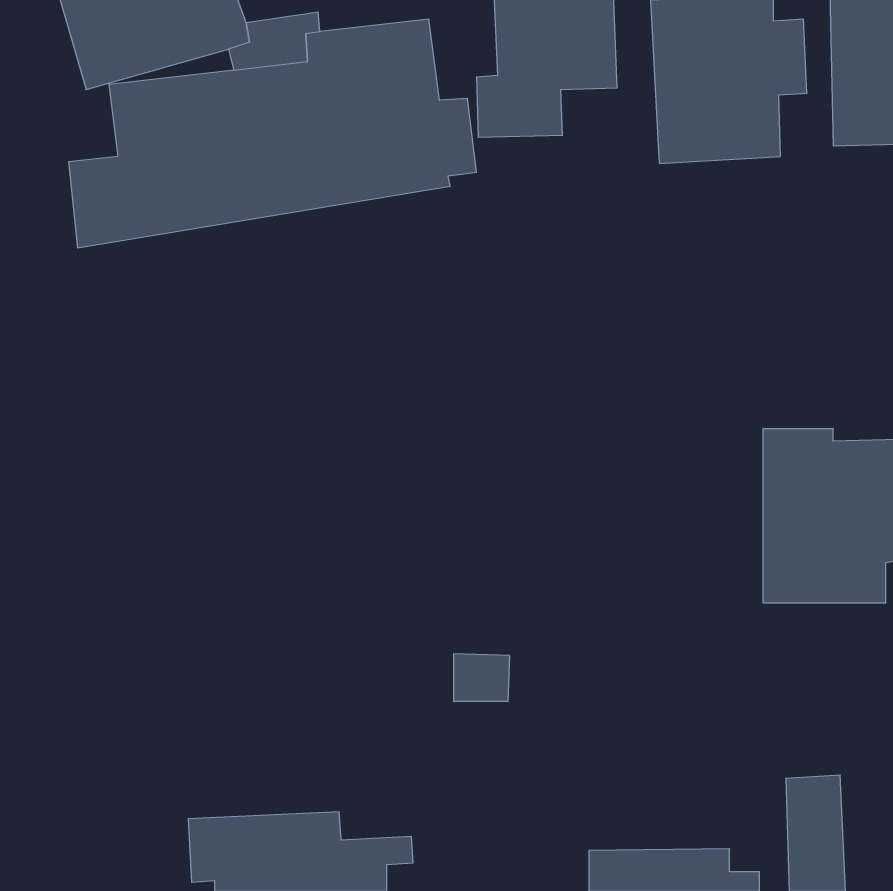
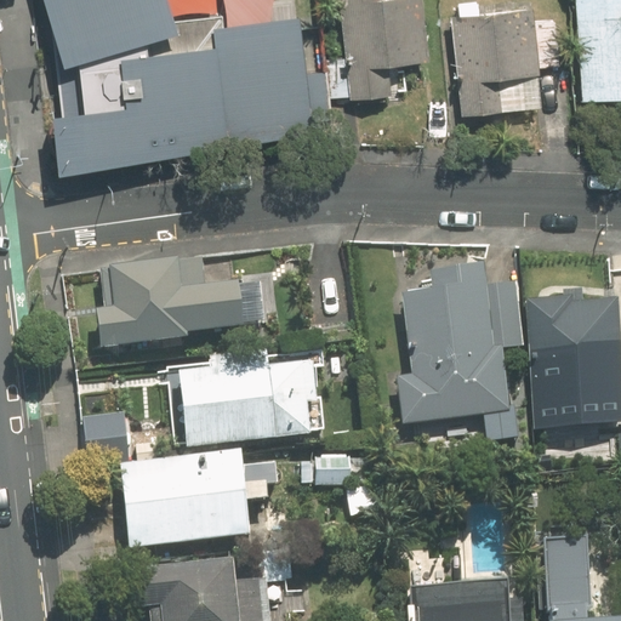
building: none -> [97,257,244,347]
building: none -> [399,266,523,426]
building: none -> [182,363,317,443]
building: none -> [121,455,278,547]

